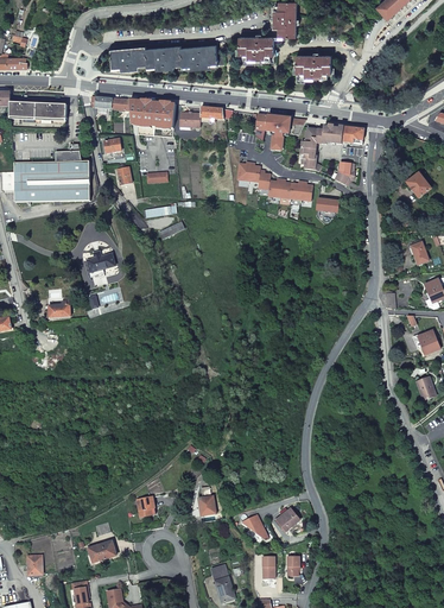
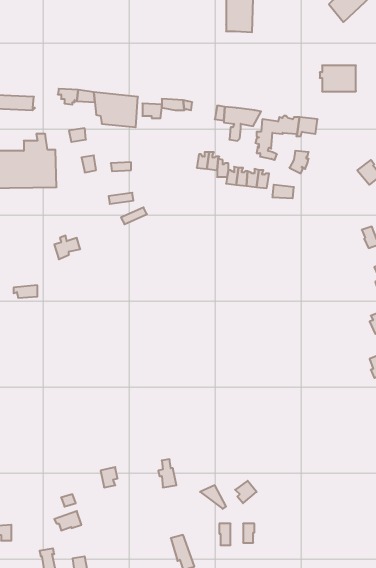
building: [239,36,273,63] -> none
building: [110,44,224,71] -> none
building: [293,55,331,82] -> [320,65,356,91]

